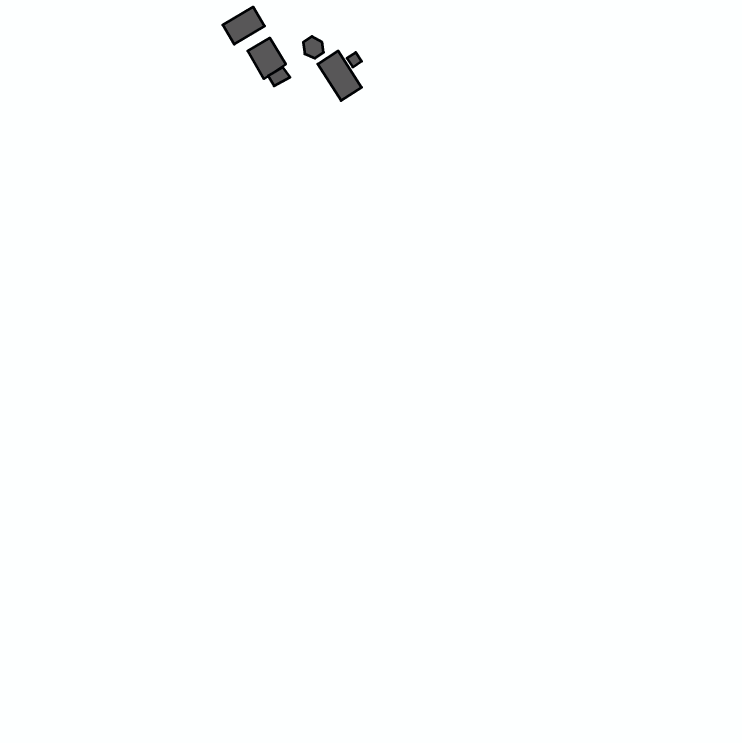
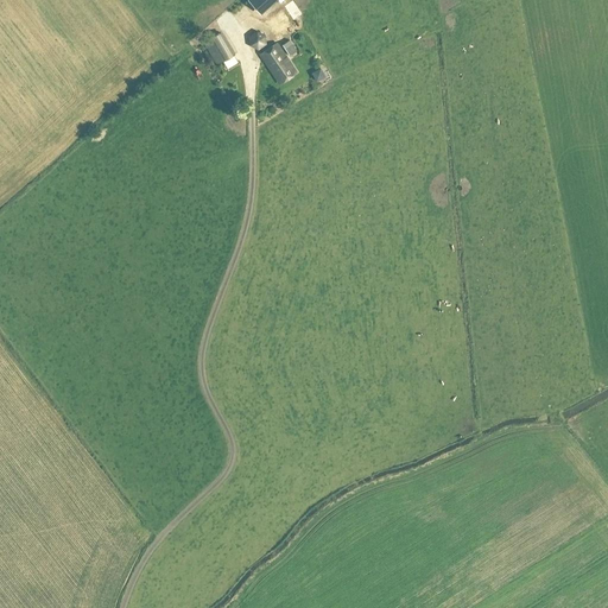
building: [223,7,265,44] -> none

